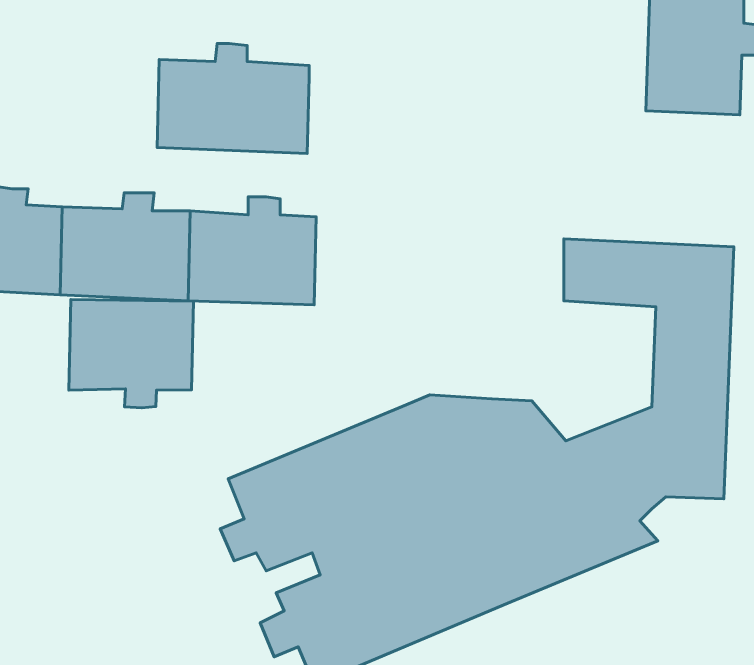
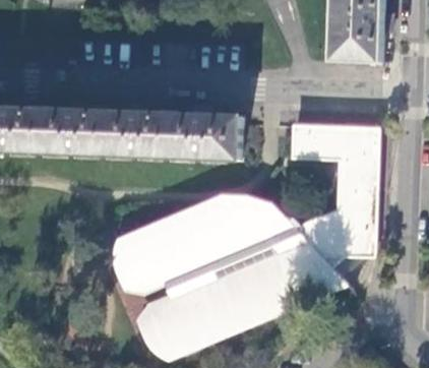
building: [157,44,309,154] -> [164,105,241,161]
building: [69,299,193,408] -> none

